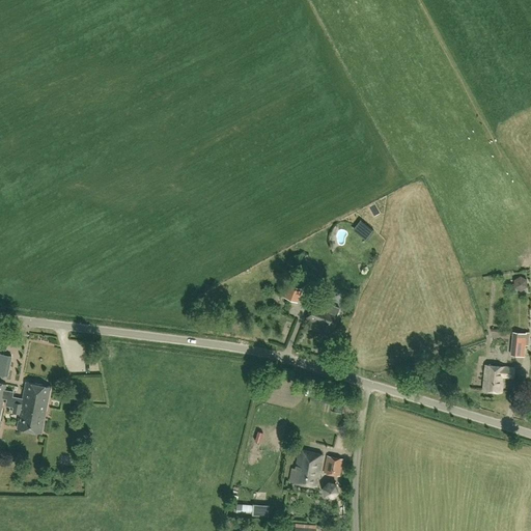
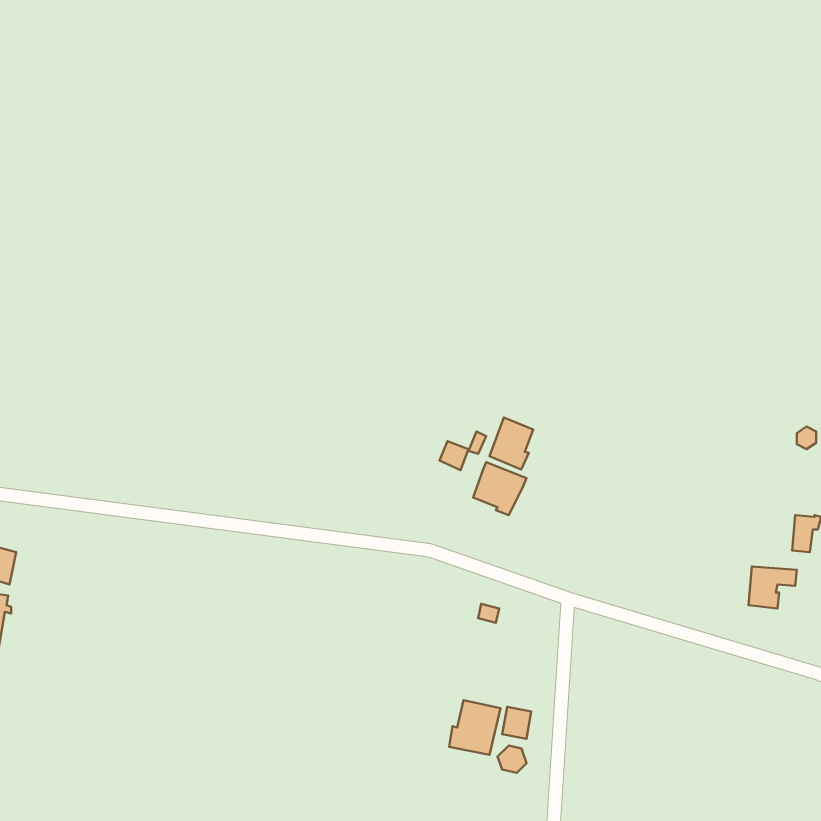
building: none -> [490,418,533,469]
building: [11,383,50,435] -> none

